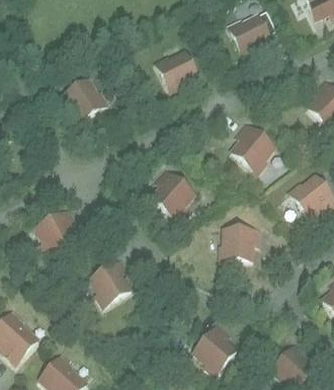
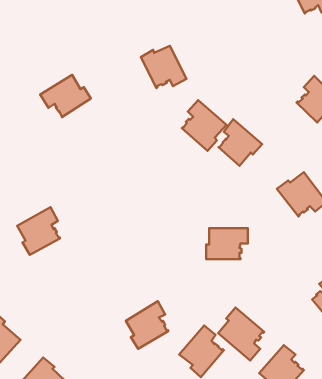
building: [228,9,272,55] -> none
building: [150,168,193,218] -> [182,100,226,151]
building: [89,258,131,305] -> [126,301,168,349]
building: none -> [218,308,264,360]

